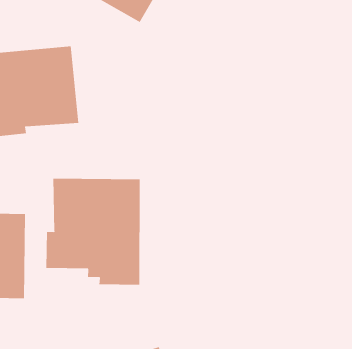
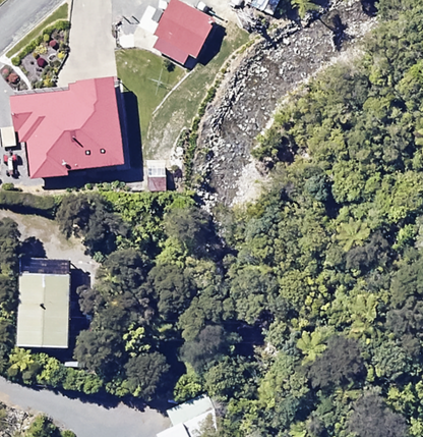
building: [46,178,140,285] -> none

